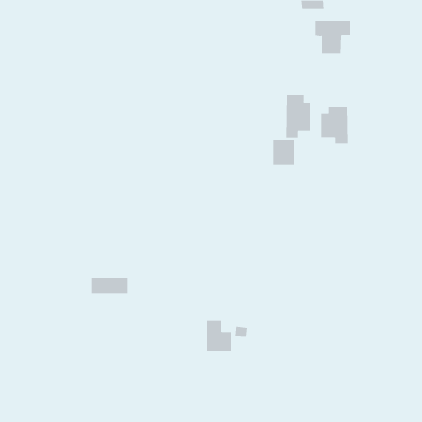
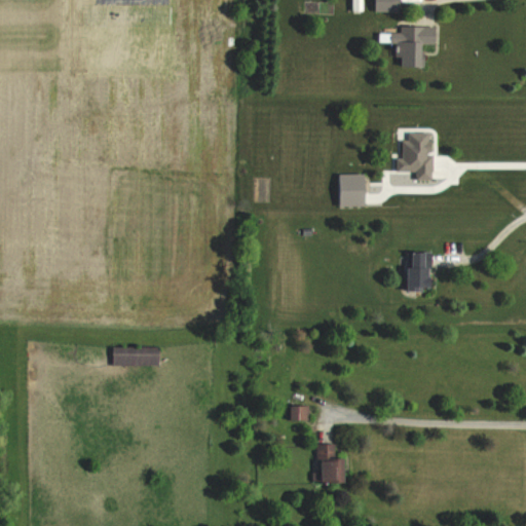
building: [286,94,311,139] -> none
building: none -> [406,252,433,290]
building: [206,320,232,352] -> [314,444,346,483]

